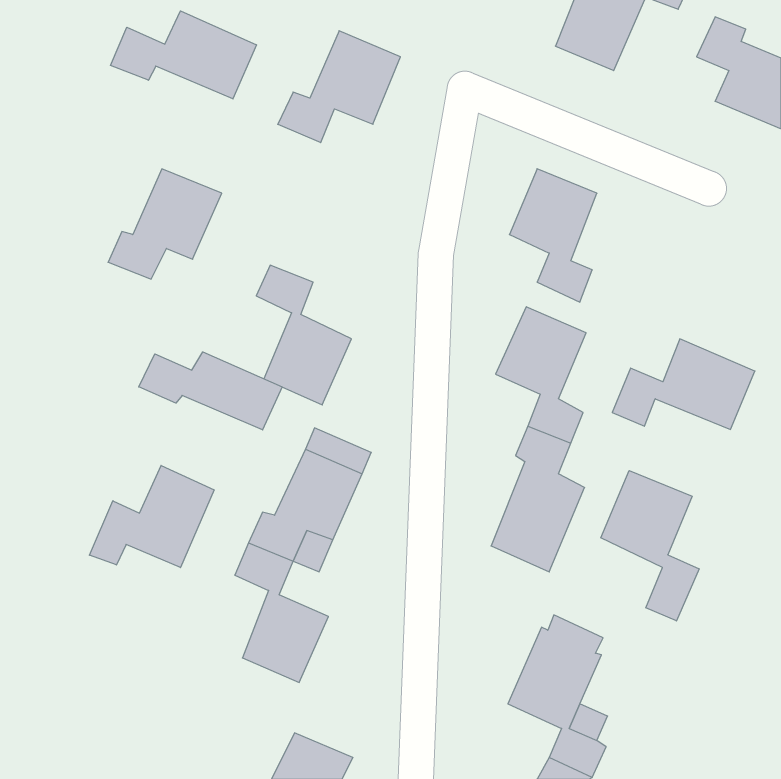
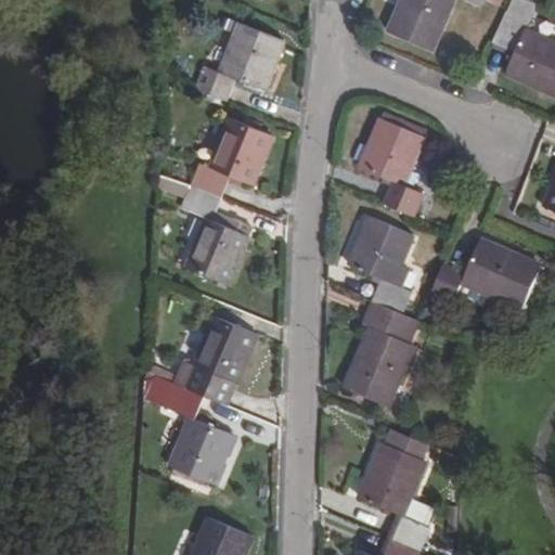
building: [111,11,256,99] -> none
building: [108,169,222,279] -> [191,121,271,199]
building: [139,352,282,430] -> none
building: [89,465,214,568] -> none
building: [601,471,699,621] -> none

